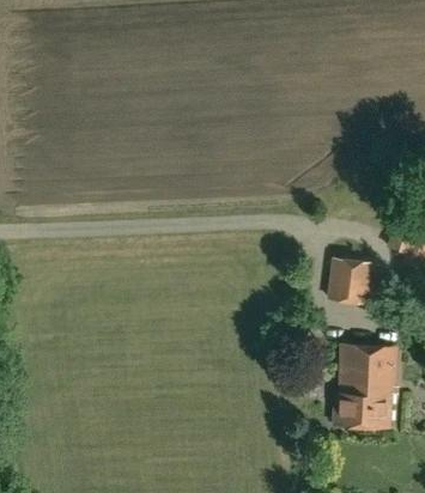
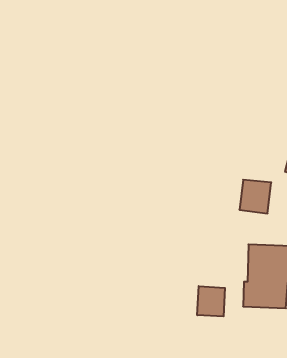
building: none -> [197,286,225,316]

